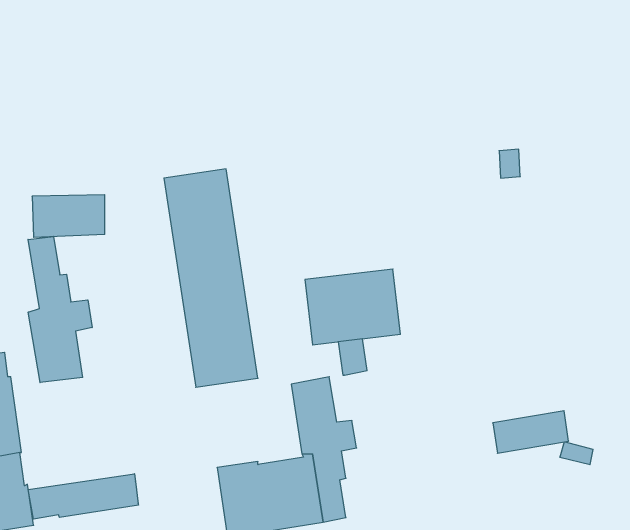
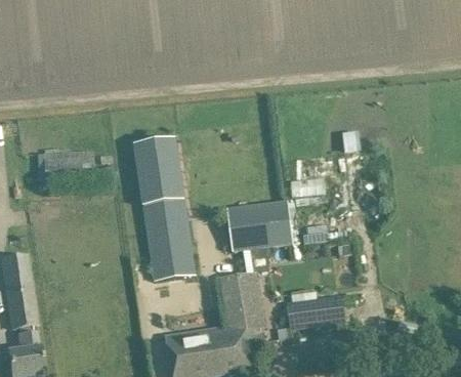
building: [28,236,92,383] -> none
building: [493,411,569,453] -> [293,300,344,329]
building: [28,474,138,519] -> none

